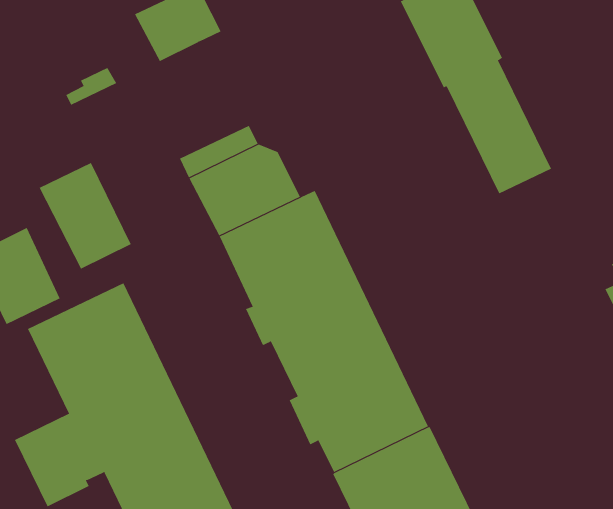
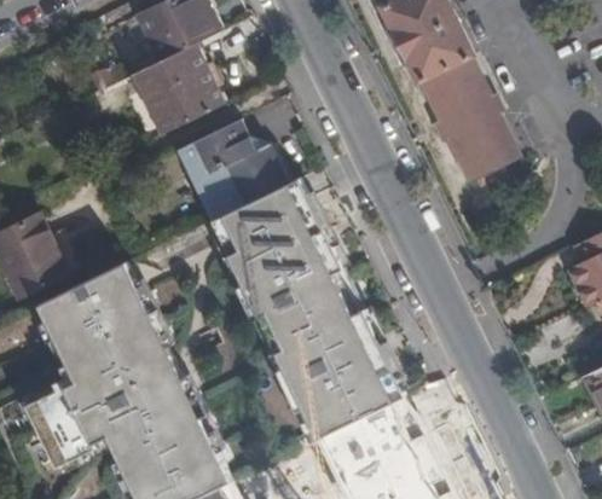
building: none -> [132,42,224,134]
building: [39,162,132,269] -> none

